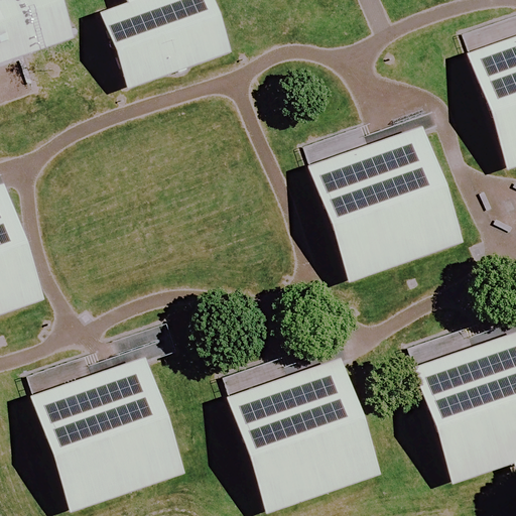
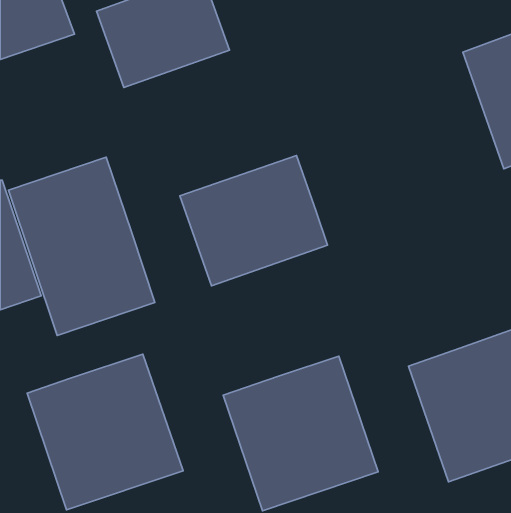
building: [309,124,466,282] -> none
building: none -> [180,156,328,286]
building: none -> [8,157,155,335]

